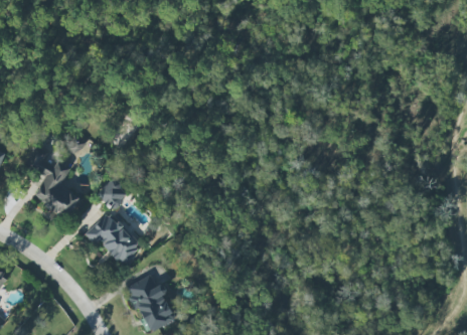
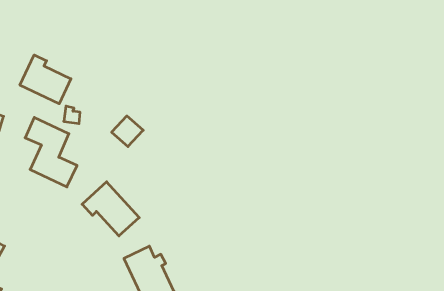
building: none -> [20,55,71,104]
building: [97,179,128,209] -> [112,116,143,147]

